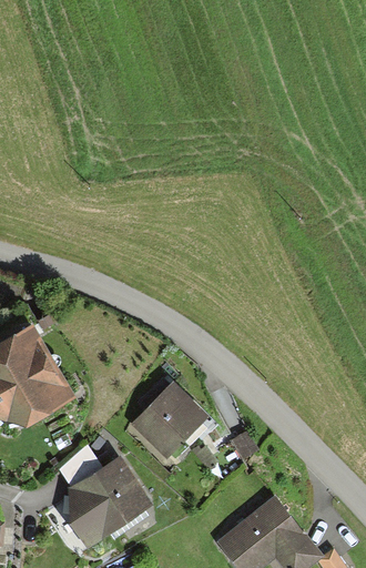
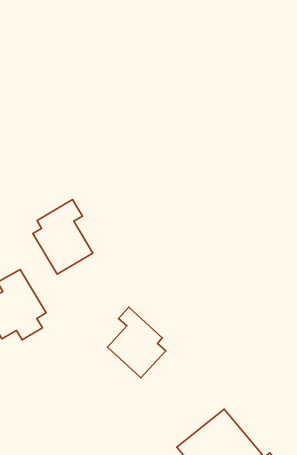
building: none -> [33,199,93,274]
building: [58,447,150,541] -> none

